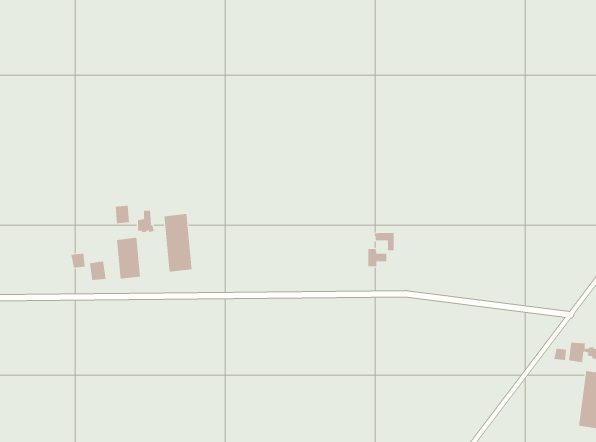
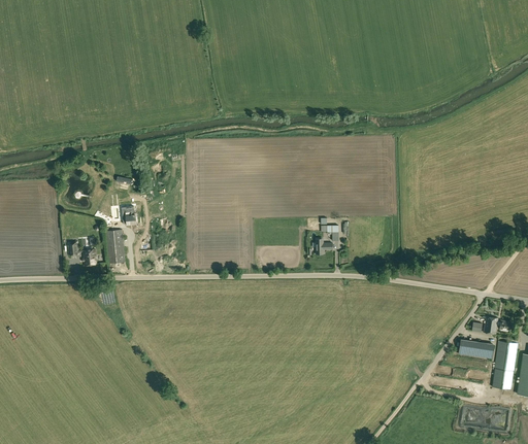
building: [164,213,192,273] -> none
building: none -> [459,339,494,357]

